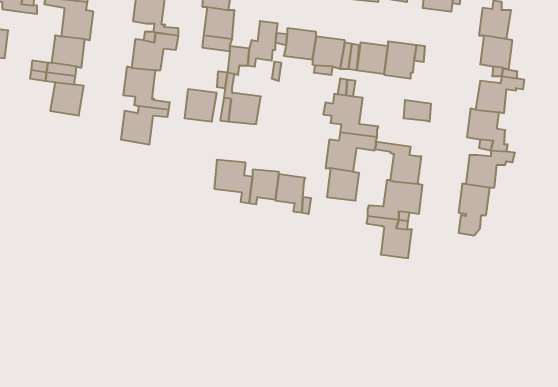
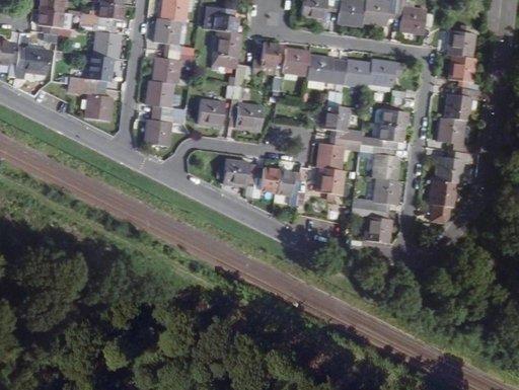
building: none -> [360,124,402,148]

